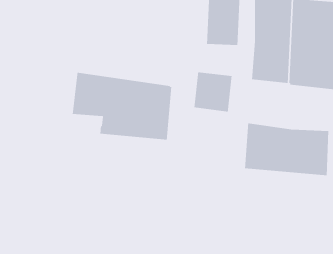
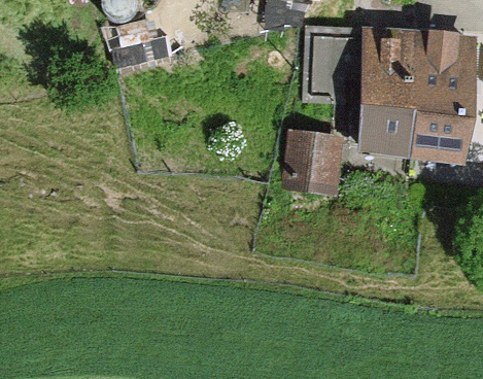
building: [72,72,172,141] -> none
building: [244,123,329,176] -> none

